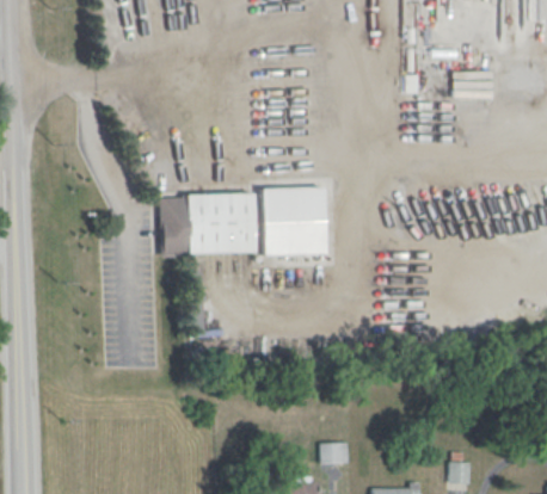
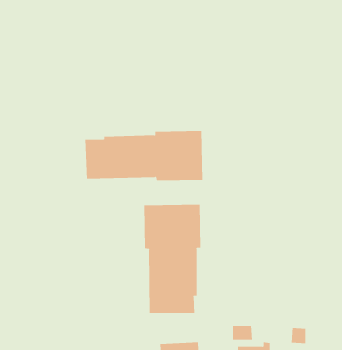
building: none -> [144,204,201,314]
building: [321,443,350,463] -> [232,326,253,340]

